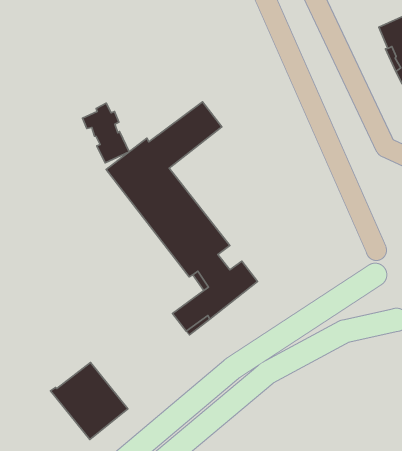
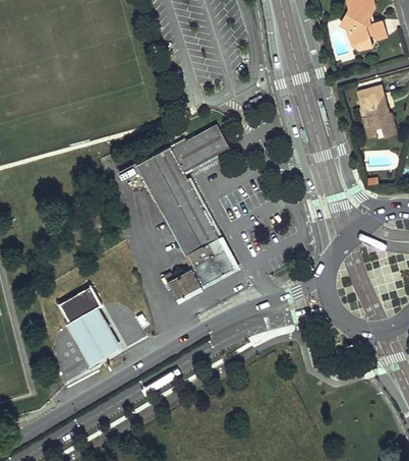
building: [82,103,129,163] -> none
building: none -> [59,287,101,323]

